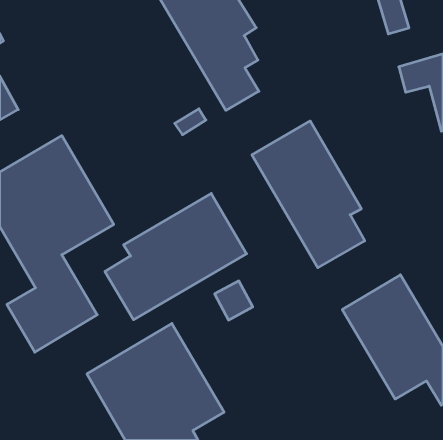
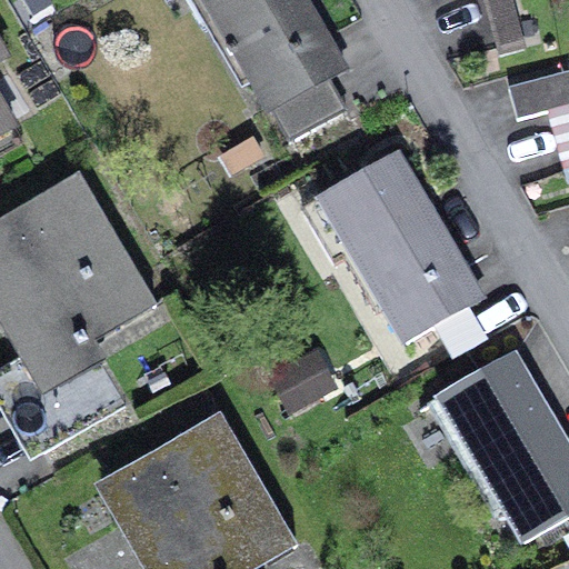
building: [105,193,247,320] -> none

